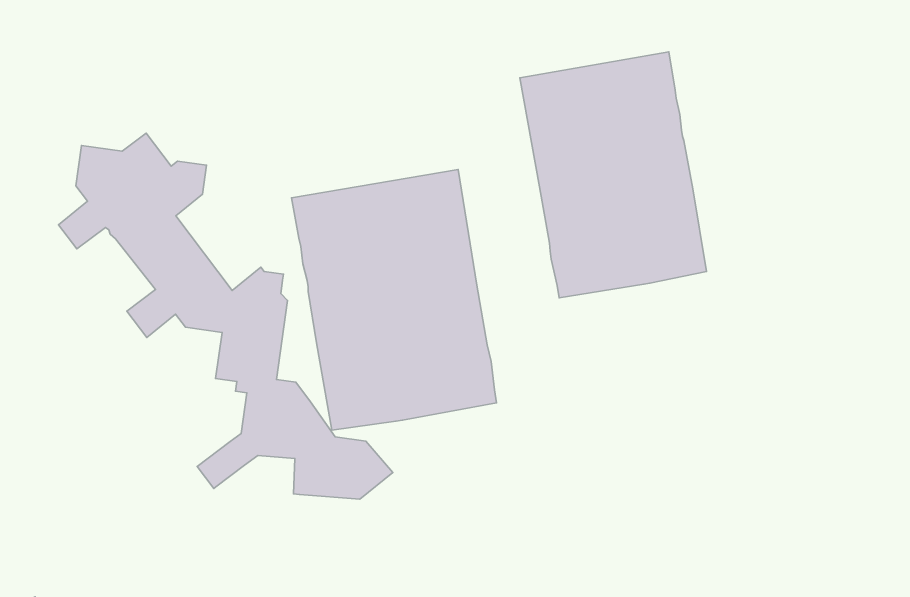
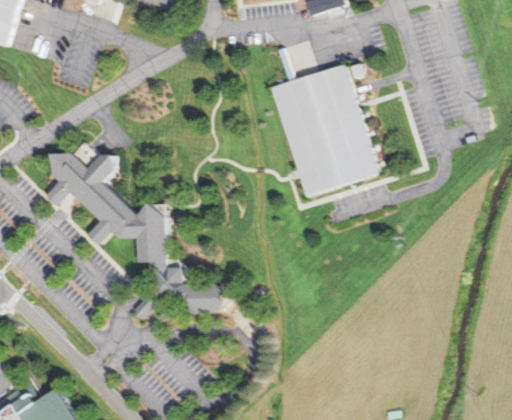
building: [292,169,497,430] -> none

